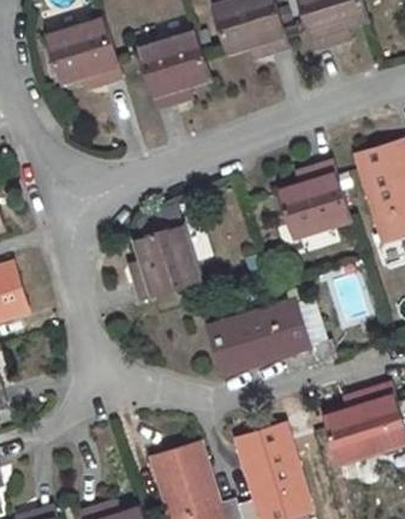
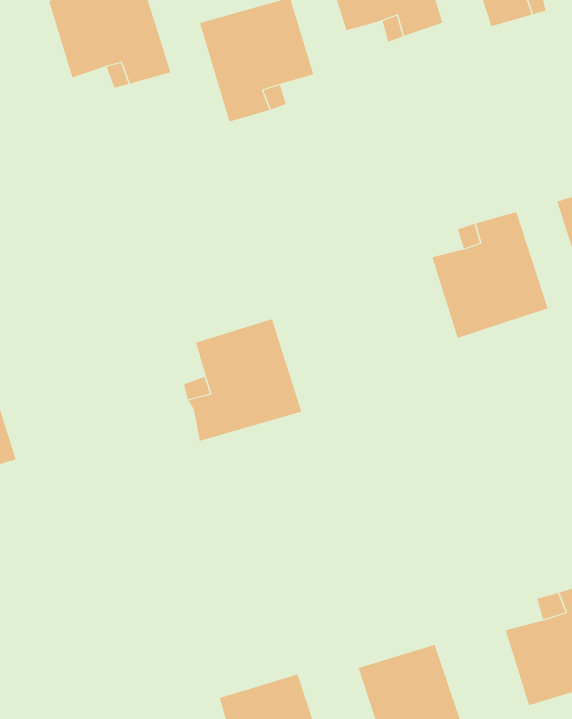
building: [207,300,332,374] -> none

